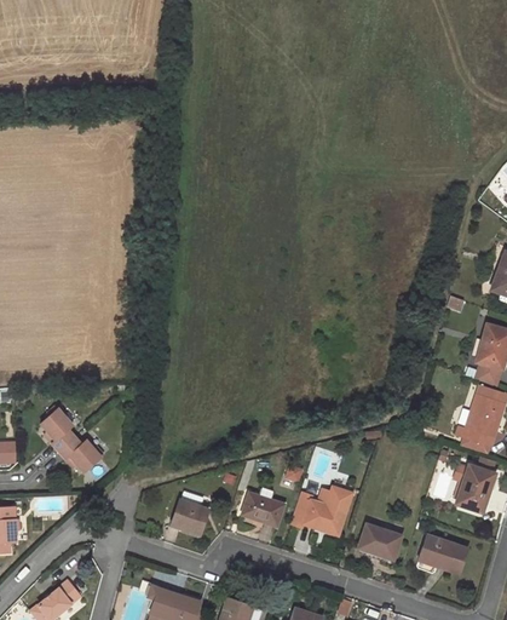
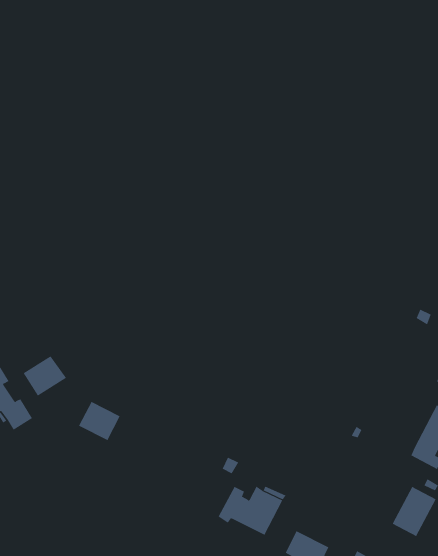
building: none -> [23,355,67,396]
building: [242,487,284,527] -> none
building: [171,500,209,535] -> [78,401,121,441]

